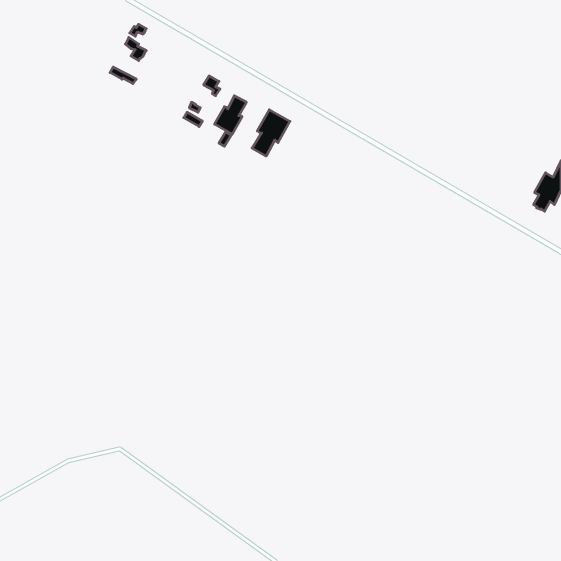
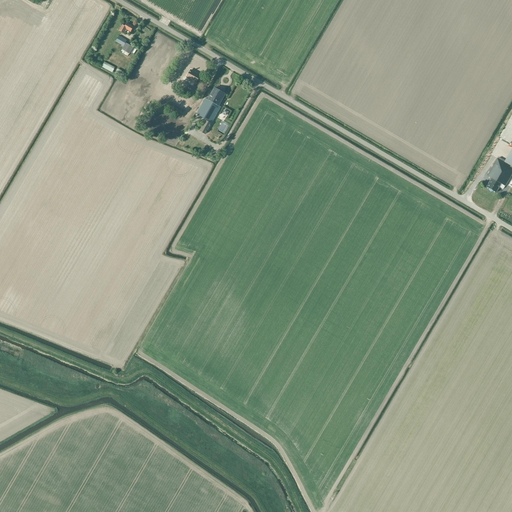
building: [252,110,290,156] -> none

